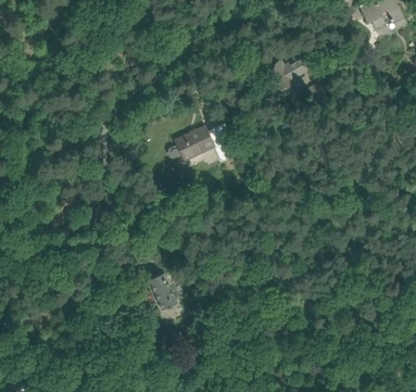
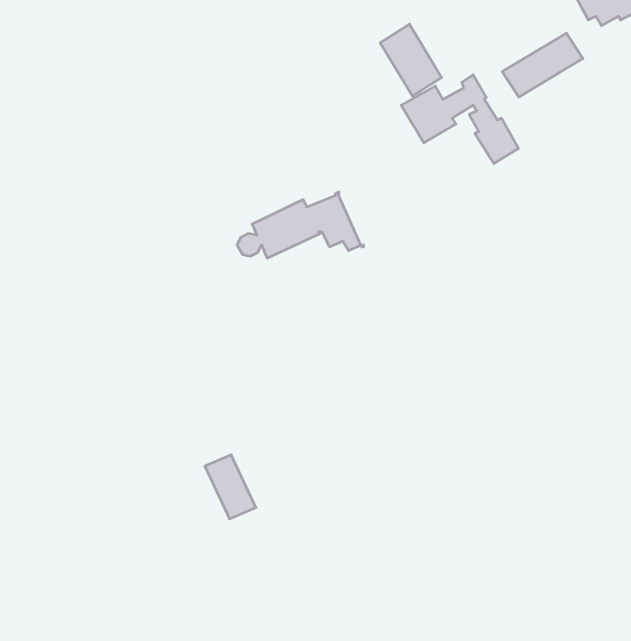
building: none -> [380,24,442,96]
building: none -> [502,33,583,97]

